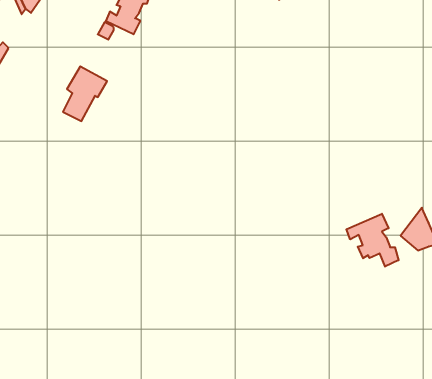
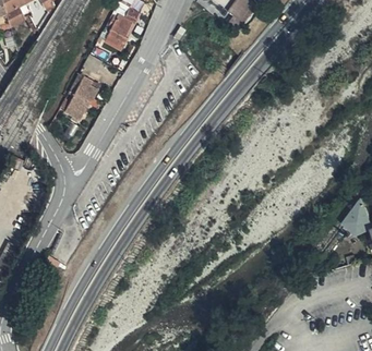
building: [346,214,399,267] -> none

